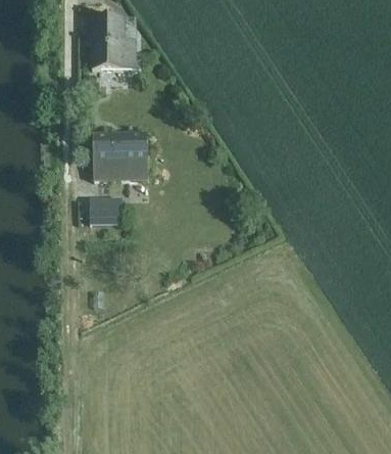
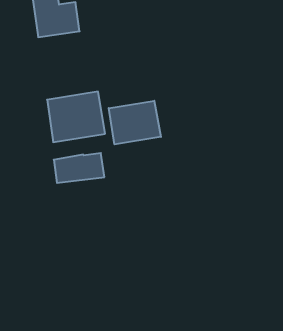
building: none -> [109,101,161,144]

